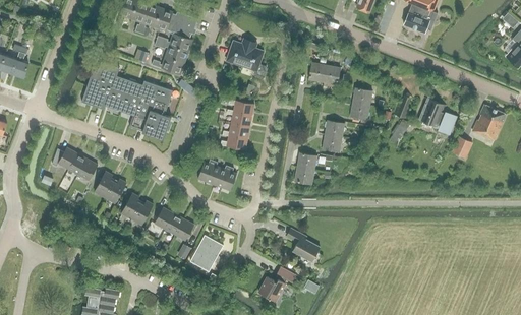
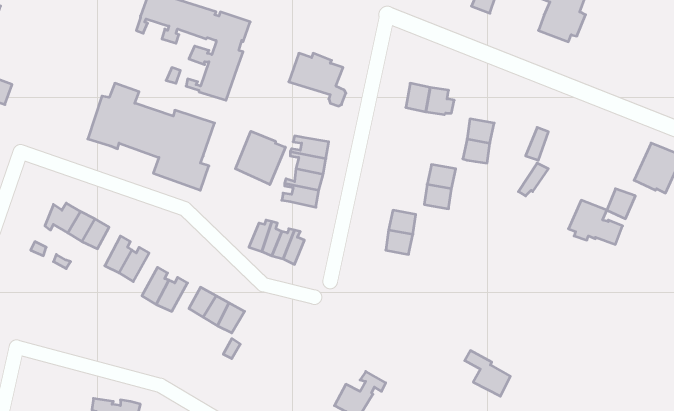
building: none -> [235,131,285,185]
building: [417,99,456,130] -> [568,200,623,244]
building: [286,229,319,261] -> [465,351,510,396]
building: [189,235,223,271] -> none

